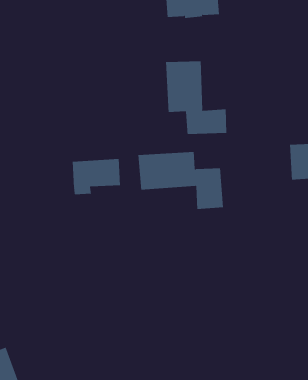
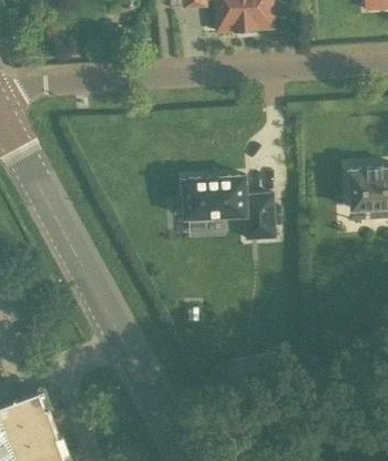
building: [165,61,227,135] -> none
building: [72,158,121,195] -> none

